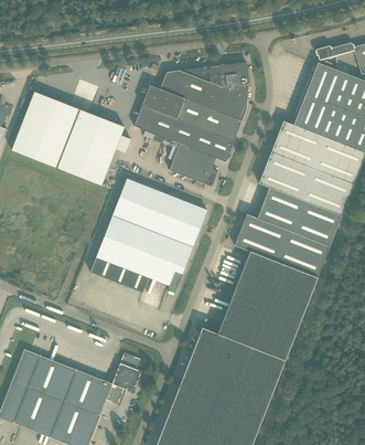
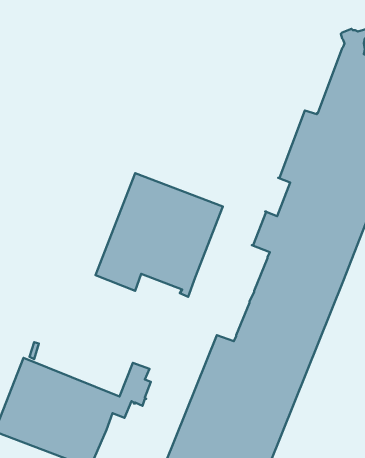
building: [141,63,248,187] -> none
building: [11,92,125,186] -> none

